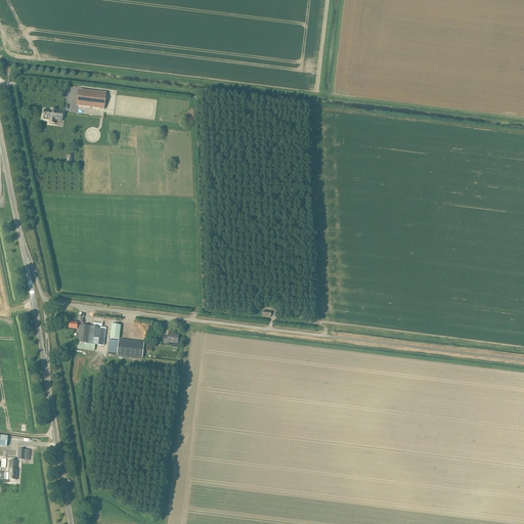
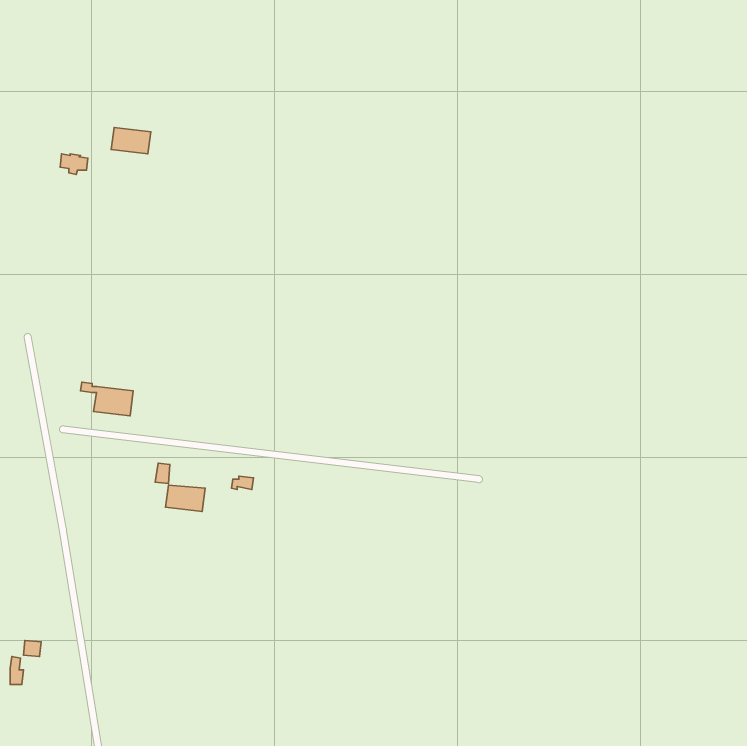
building: [68,320,104,344] -> [80,382,133,416]

